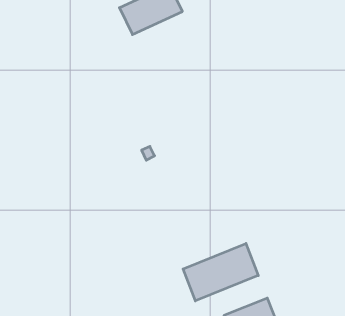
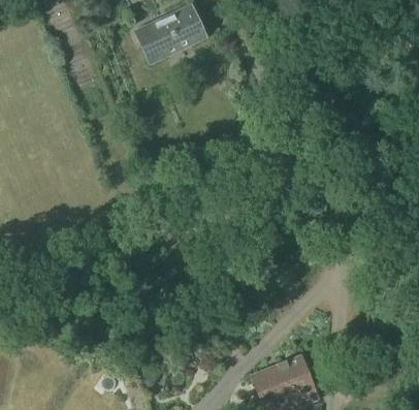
building: [183,243,258,301] -> none

